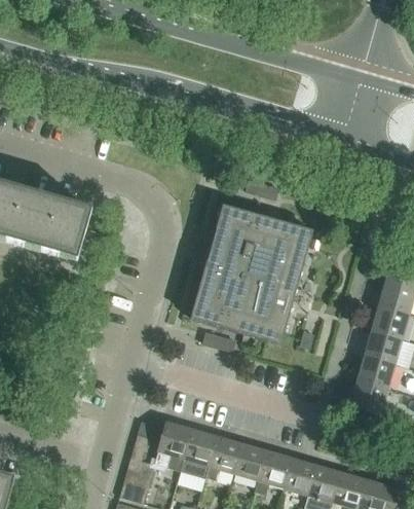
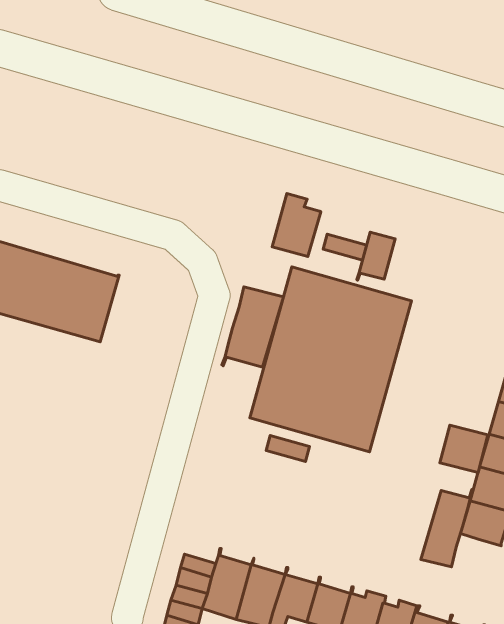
building: none -> [272,194,321,257]
building: none -> [357,232,395,280]
building: none -> [222,287,284,367]
building: none -> [440,425,488,472]
building: none -> [421,490,473,567]

